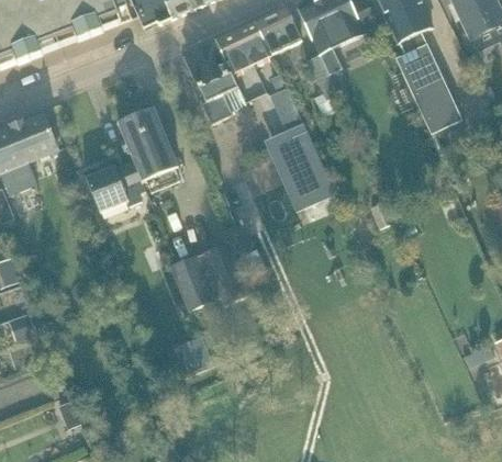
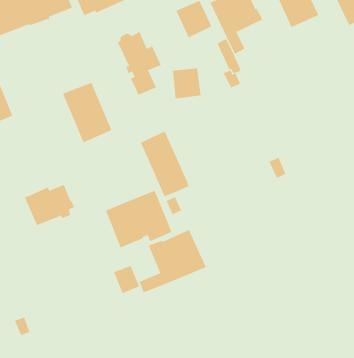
building: [214,21,265,69] -> none
building: [397,31,461,132] -> none
building: [274,124,334,205] -> [140,131,189,197]
building: [83,161,146,213] -> [24,184,75,226]
building: none -> [139,229,206,293]

